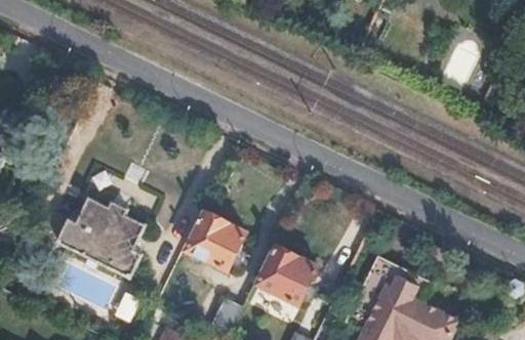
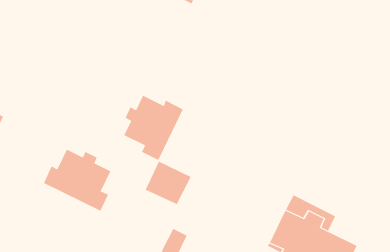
building: none -> [124,95,184,161]
building: [258,245,317,302] -> none

